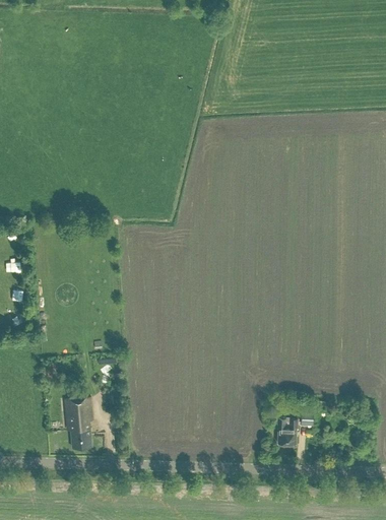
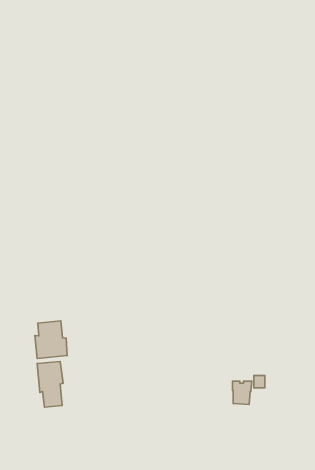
building: none -> [35,321,67,359]

